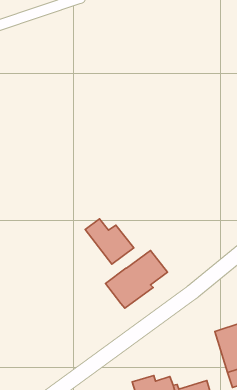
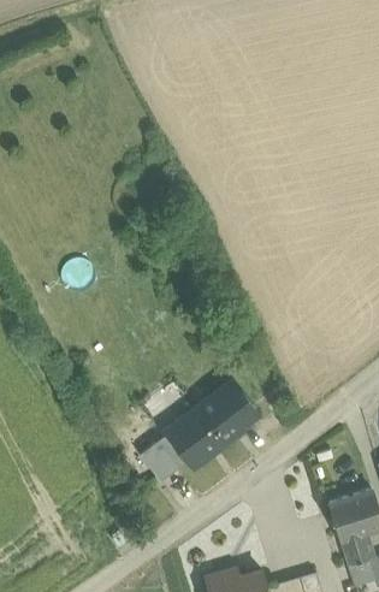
building: [85,219,134,264] -> none
building: none -> [141,433,189,483]

